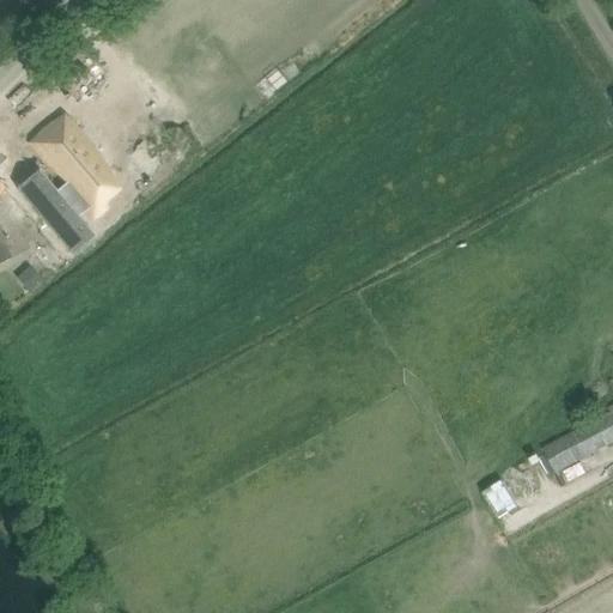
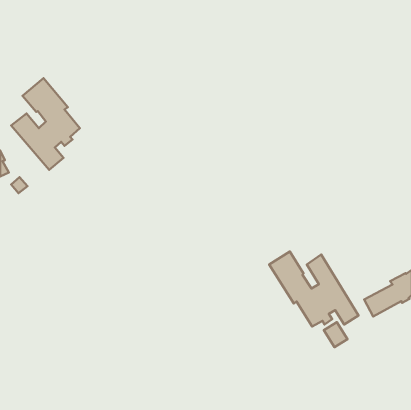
building: none -> [269,252,358,326]

